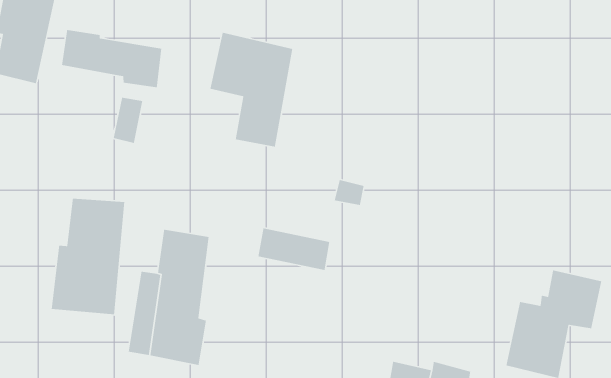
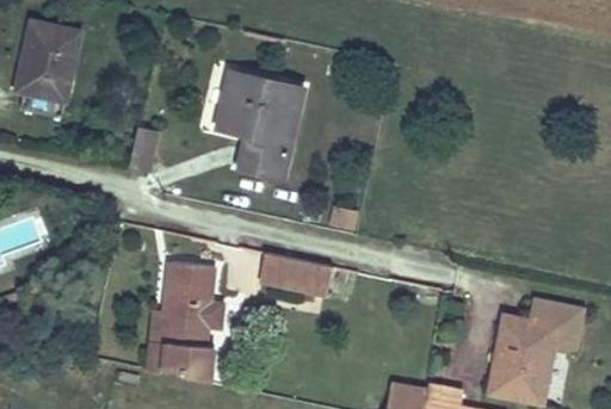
building: [61,29,162,88] -> none
building: [51,198,125,315] -> none

